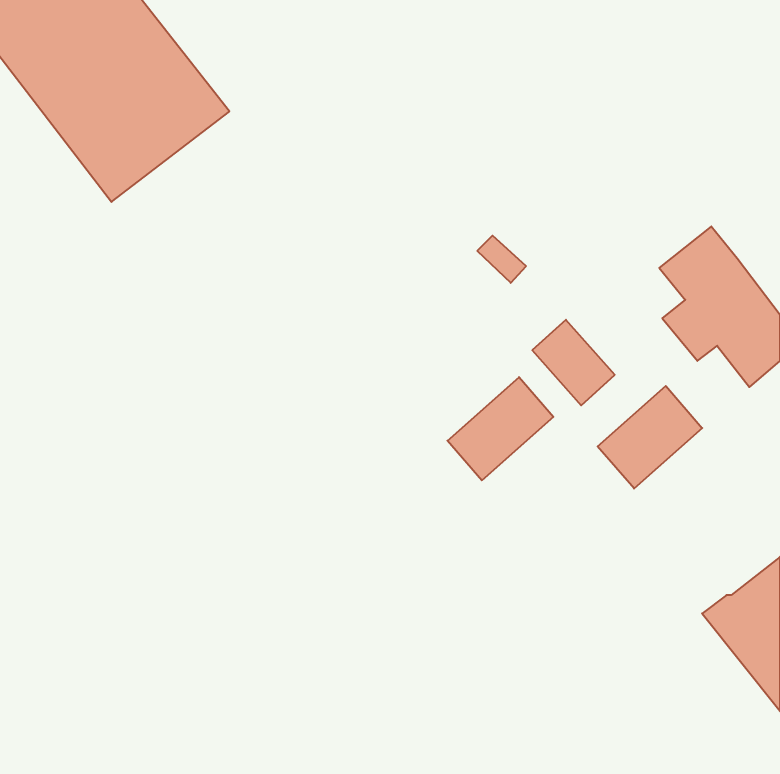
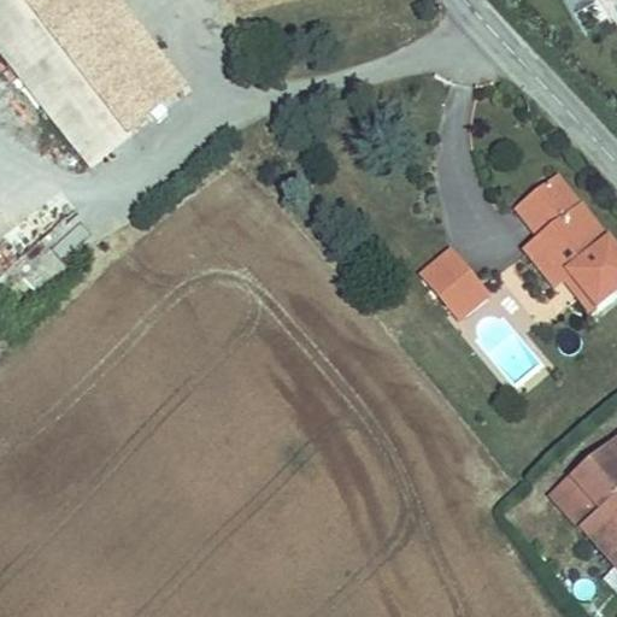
building: [447,377,553,480] -> none
building: [598,386,702,489] -> none

